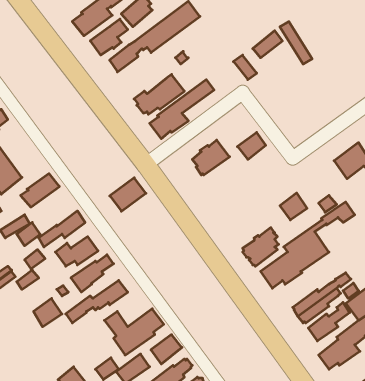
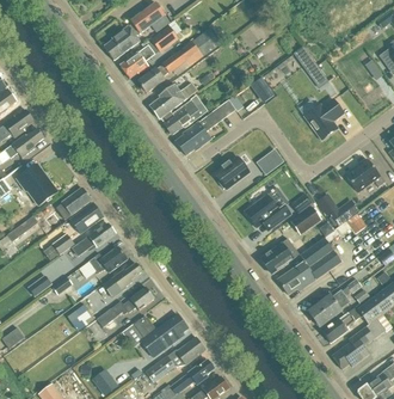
building: none -> [148,82,197,119]
building: none -> [302,98,344,141]
building: [110,178,146,211] -> [69,202,103,233]
building: none -> [244,195,290,227]

